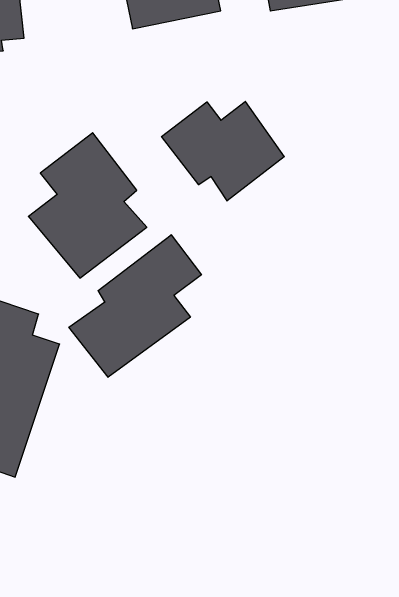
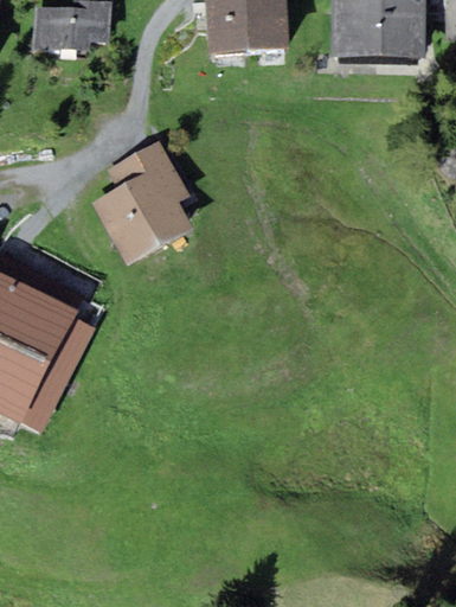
building: [162,101,284,201] -> none
building: [69,235,201,377] -> none

